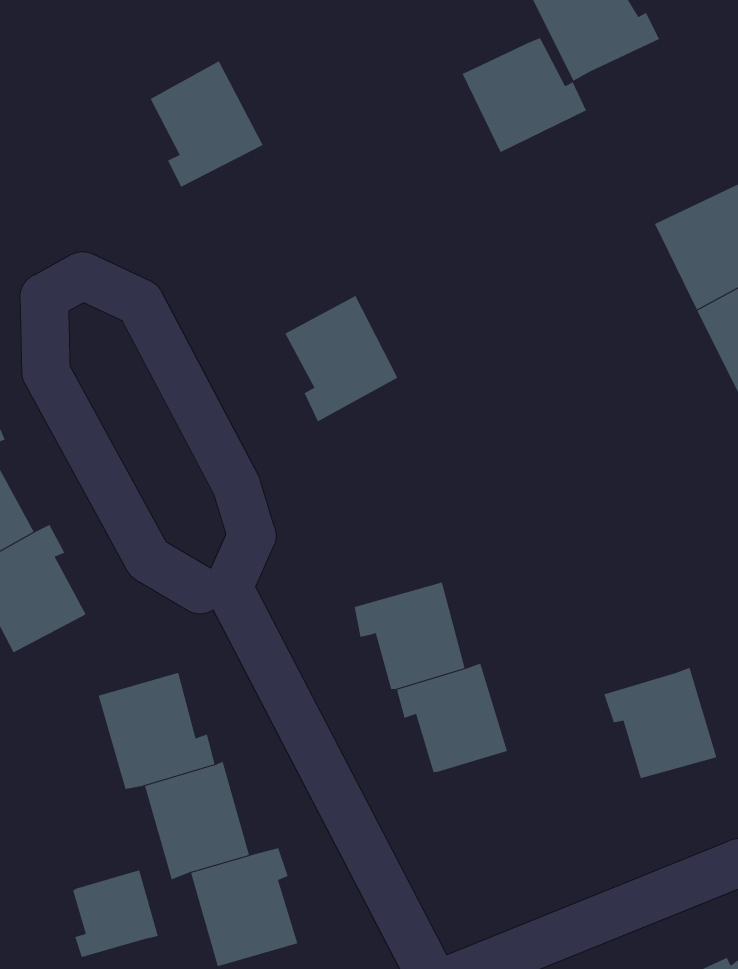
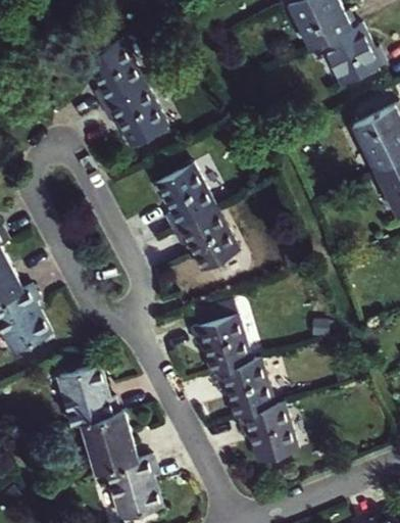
building: [462,37,587,153] -> [318,26,385,87]
building: none -> [101,84,168,147]
building: none -> [173,207,240,271]
building: [604,667,717,779] -> [237,402,297,462]
building: [72,870,159,958] -> none

